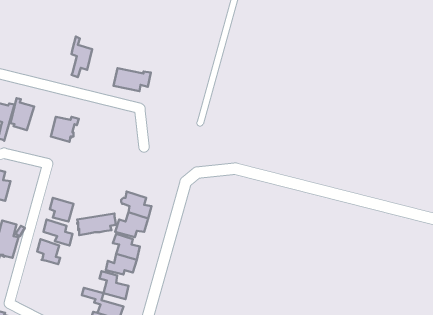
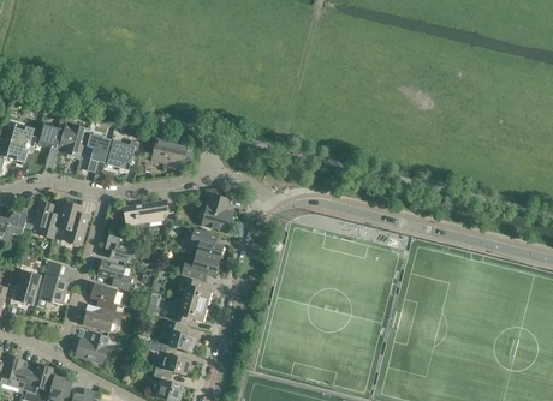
building: [72,37,92,77] -> [85,125,109,172]
building: [113,68,151,91] -> [150,139,194,166]
building: none -> [201,193,232,232]
building: none -> [58,202,88,244]
building: [77,213,115,235] -> [123,199,167,225]
building: none -> [82,307,121,331]
building: none -> [75,333,107,363]

